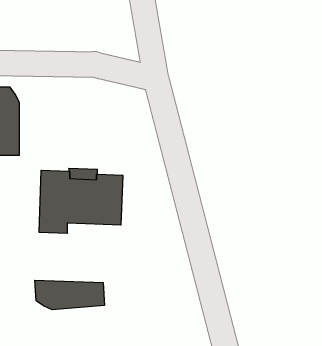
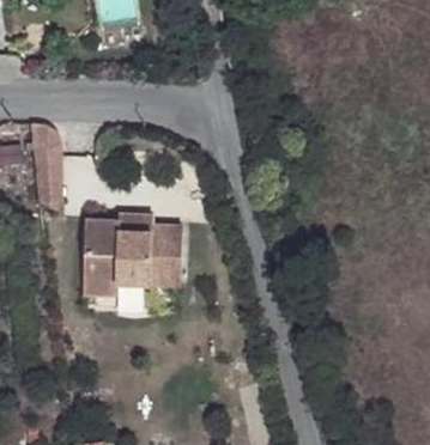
building: [35,280,104,310] -> none

